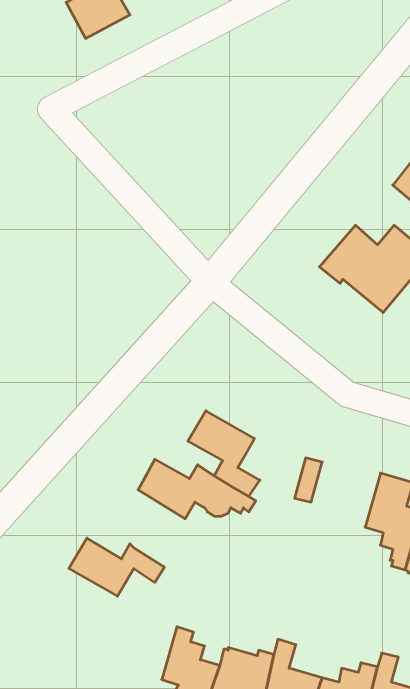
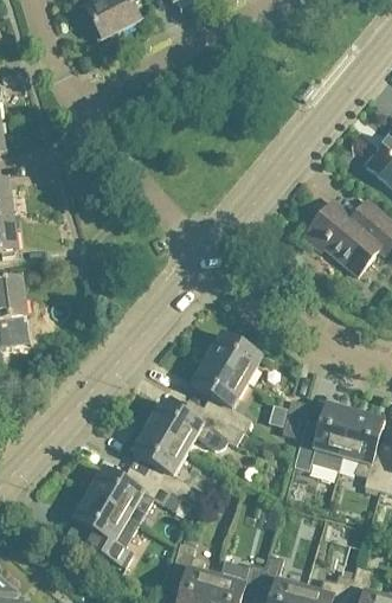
building: none -> [206,332,263,381]
building: none -> [293,403,355,470]
building: none -> [133,425,207,508]
building: none -> [73,493,134,566]

